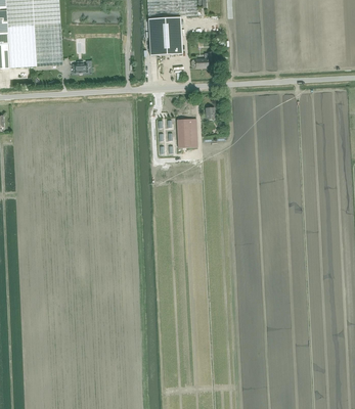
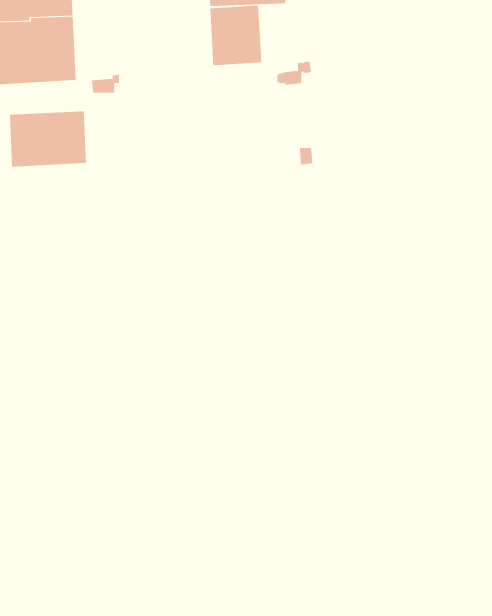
building: none -> [10,110,86,167]
building: [177,119,197,148] -> none

